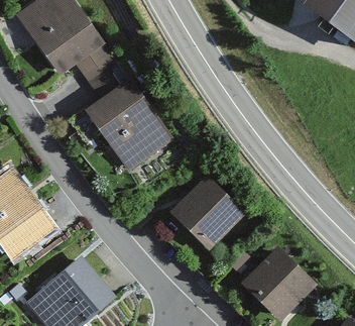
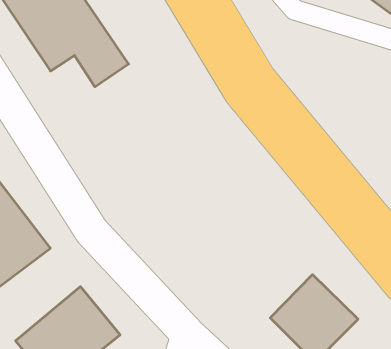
building: [89,80,173,170] -> none
building: [169,178,246,254] -> none

